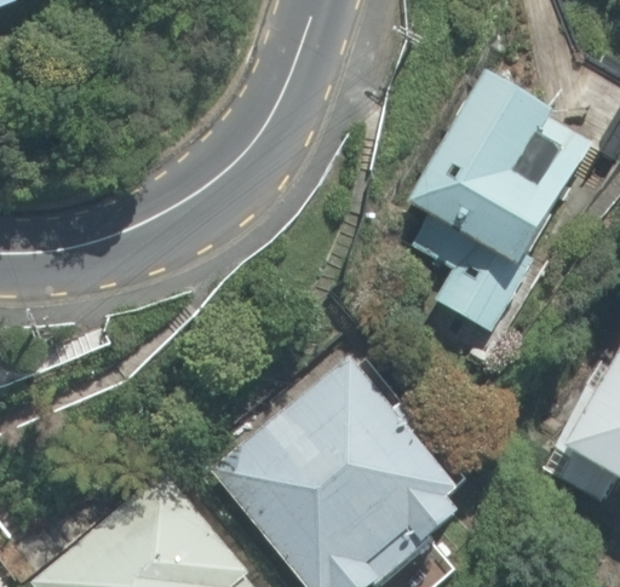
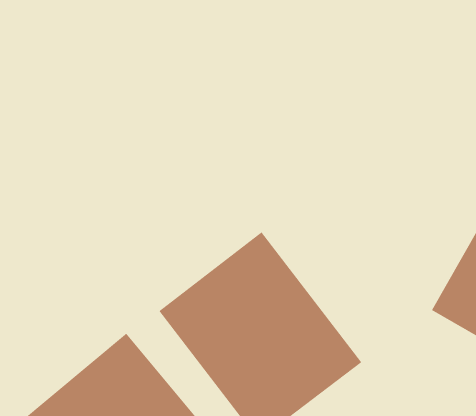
building: [401,75,603,333] -> none

